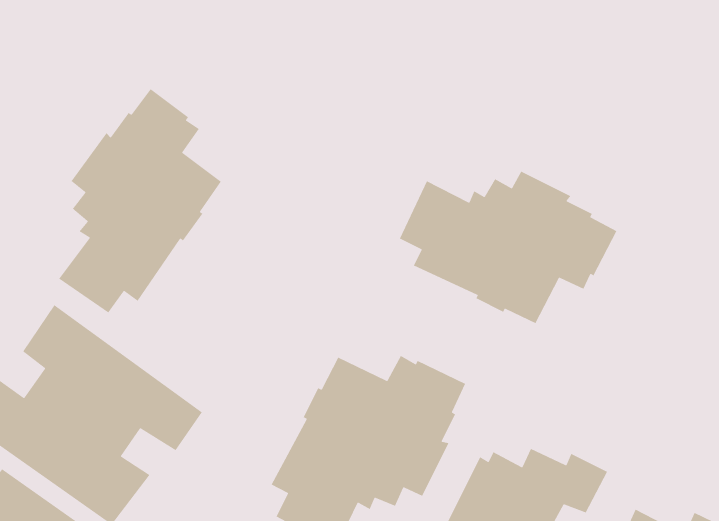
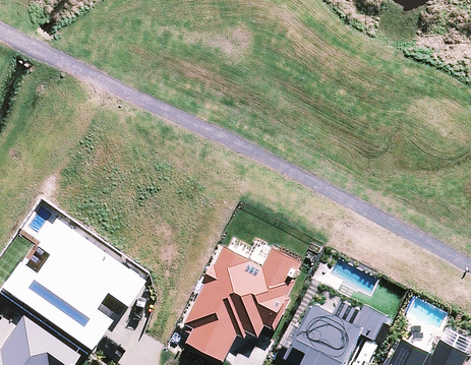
building: [58,88,222,314] -> none
building: [399,170,617,324] -> none

